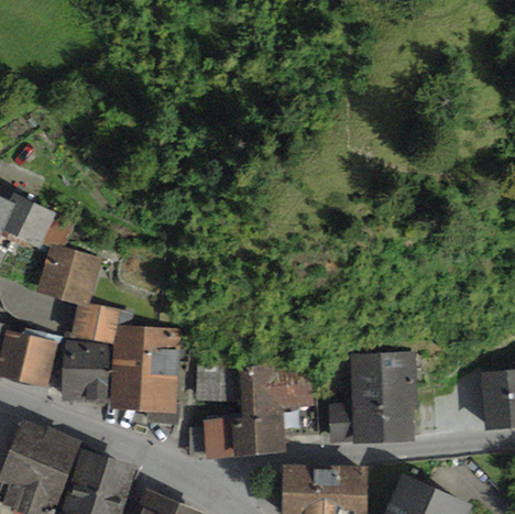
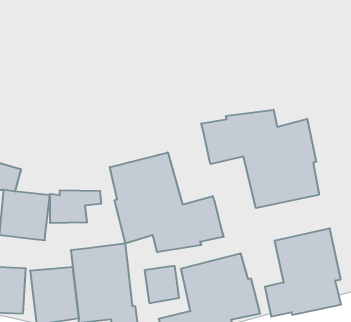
building: none -> [201,110,319,208]
building: none -> [110,152,224,252]
building: [72,303,135,345] -> [50,190,101,223]

